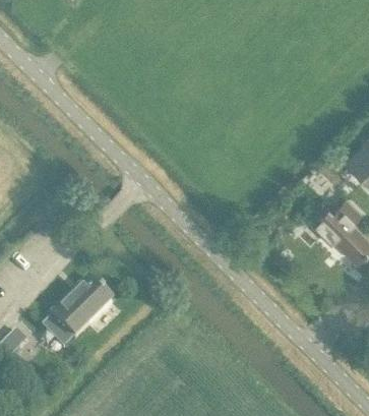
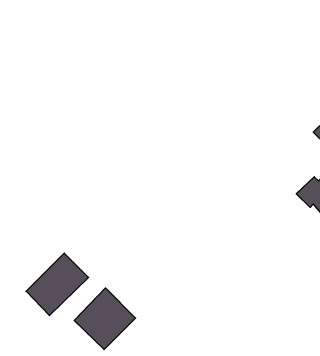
building: none -> [74,288,136,350]

